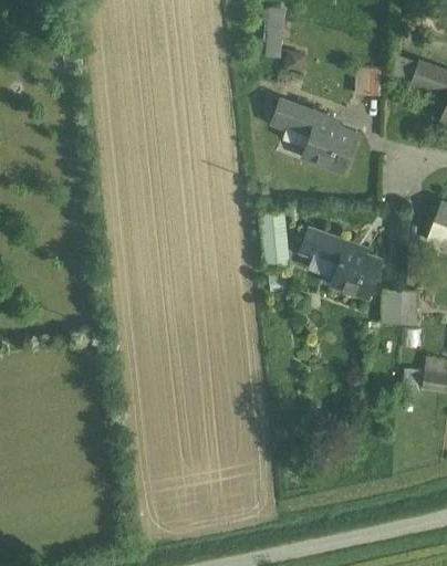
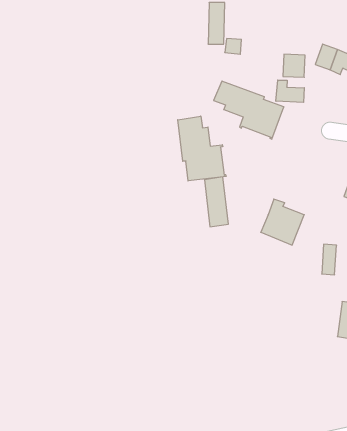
building: none -> [276,80,304,102]
building: none -> [178,116,226,181]
building: [298,227,343,260] -> none
building: [382,294,403,331] -> none

